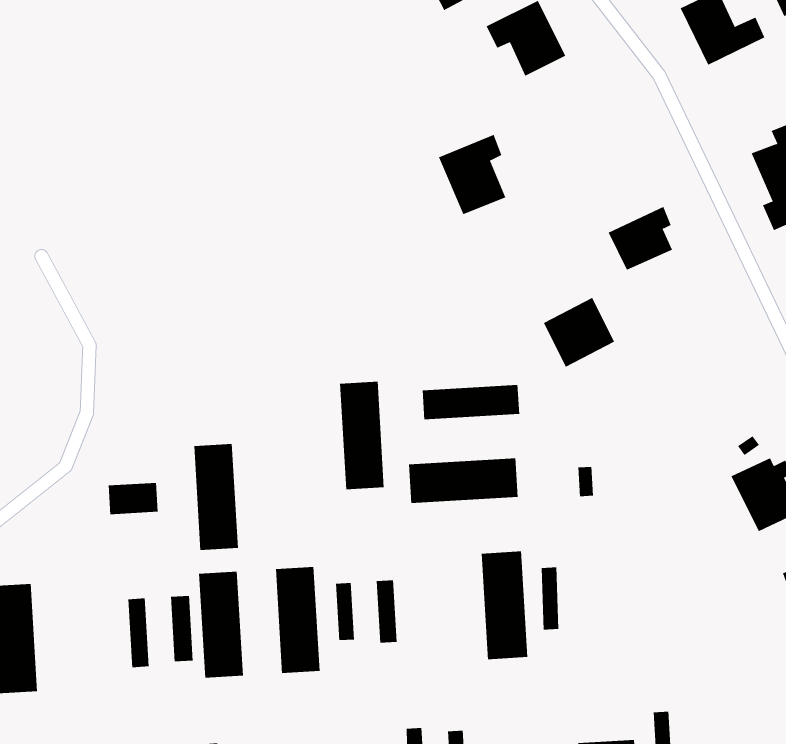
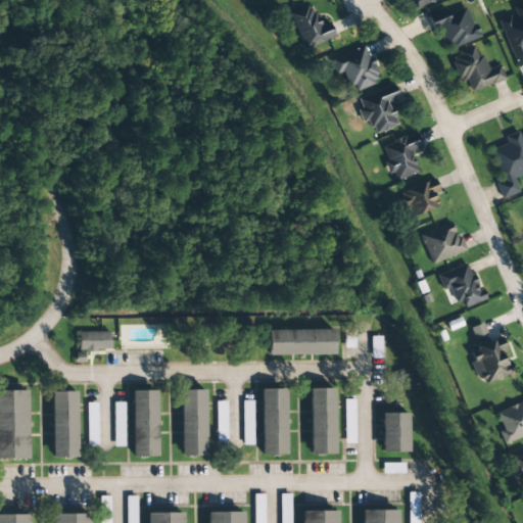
building: none -> [385,132,425,181]
building: [438,134,506,215] -> [362,86,402,135]
building: [543,297,615,368] -> [424,222,468,265]
building: none -> [440,263,486,310]
building: [339,381,385,490] -> [264,388,288,455]
building: [422,384,520,420] -> none
building: [193,443,239,551] -> [54,391,79,457]
building: none -> [384,413,411,451]

